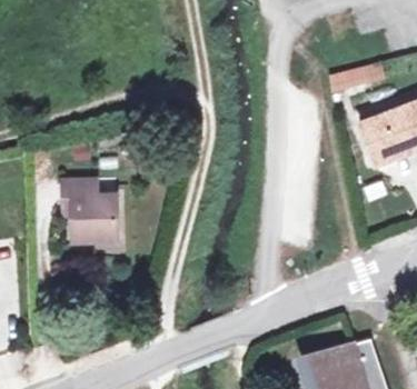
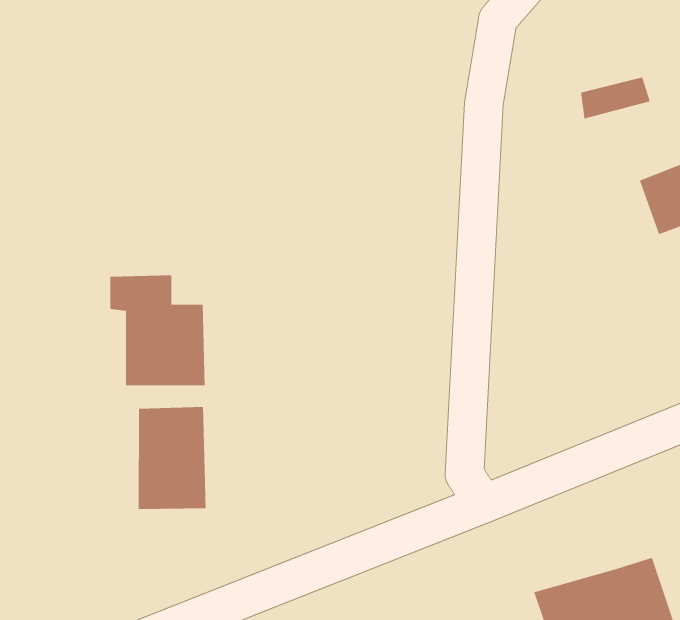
building: none -> [138,406,206,510]

